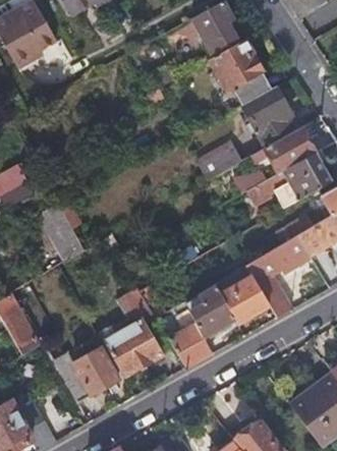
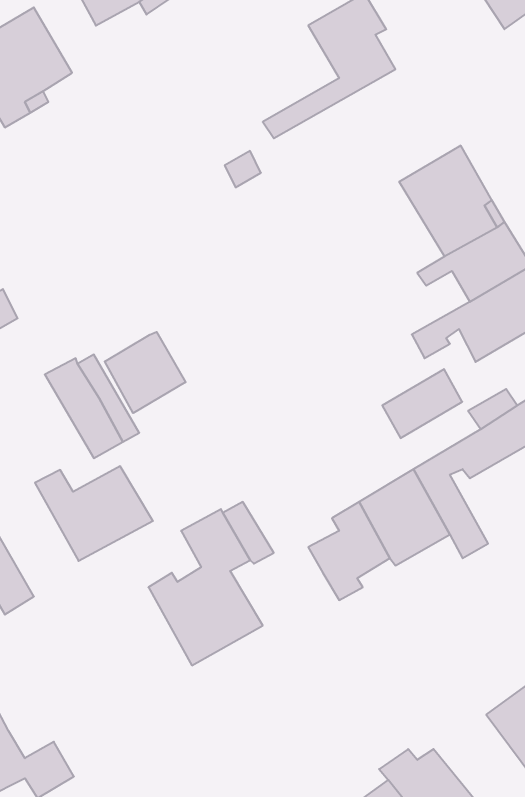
building: [209,40,271,105] -> none
building: [198,143,242,181] -> [382,369,462,438]
building: none -> [105,332,186,413]
building: [171,324,214,365] -> none
building: [55,348,121,401] -> [35,466,153,561]

